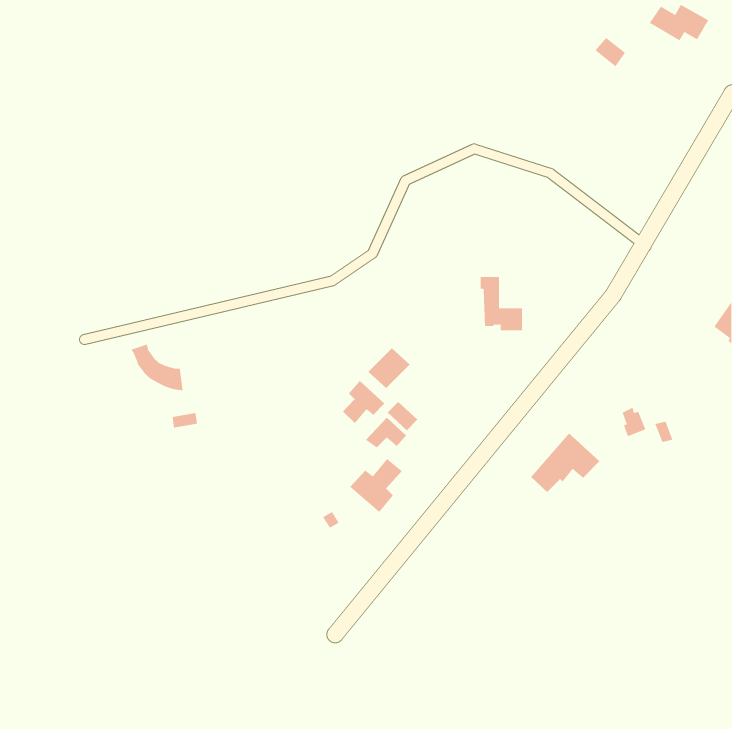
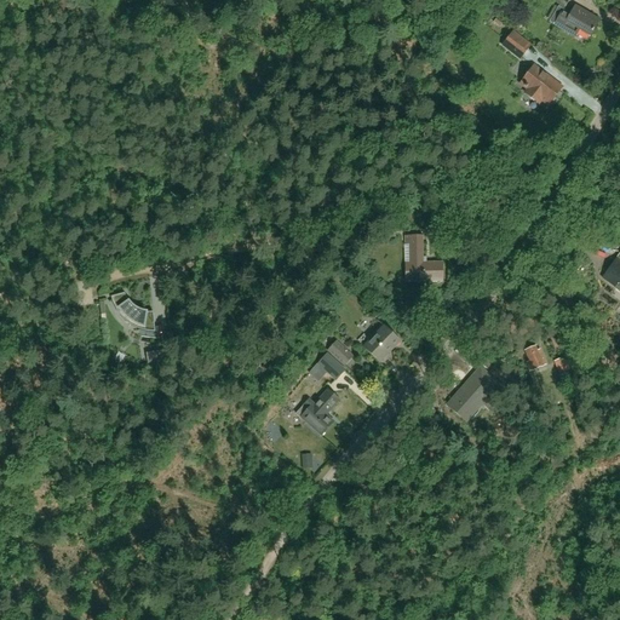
building: none -> [521,64,562,103]
building: [368,347,411,389] -> [363,325,400,360]
building: [342,380,385,424] -> none

